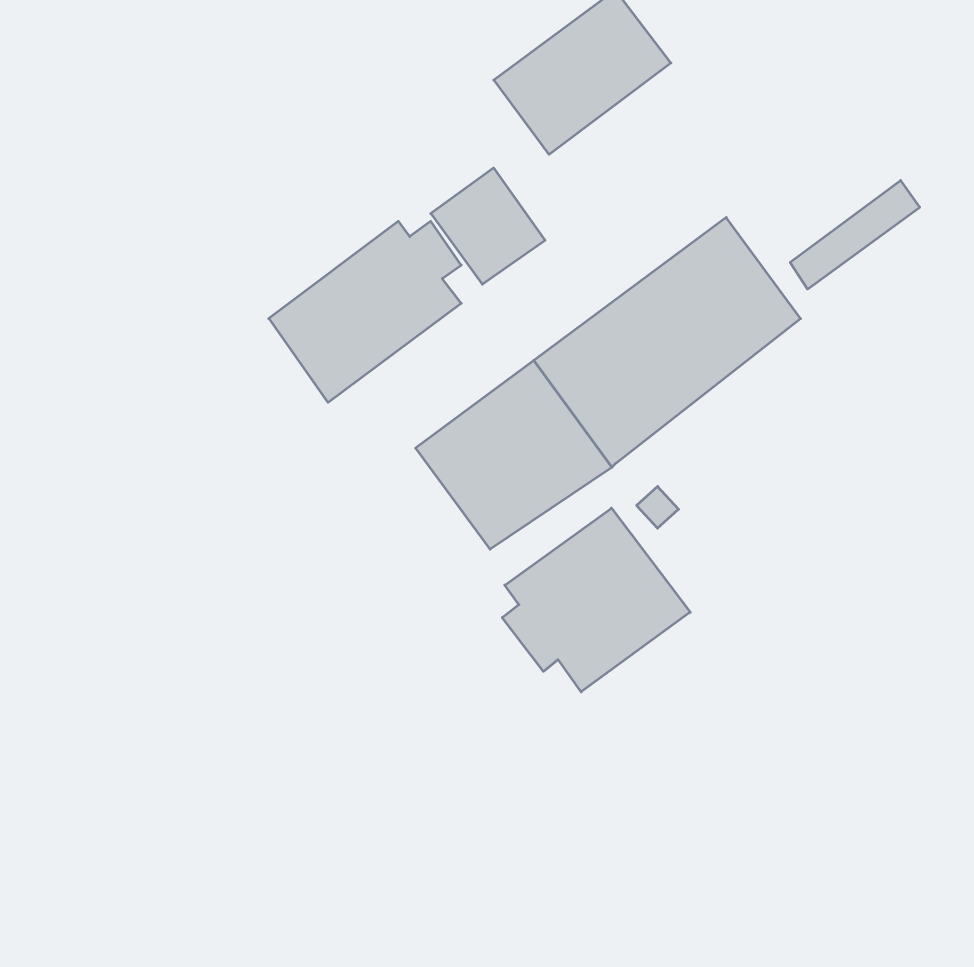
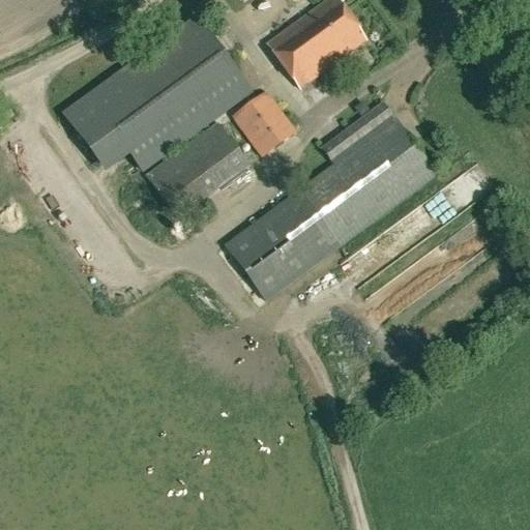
building: none -> [64,17,249,169]
building: [790,180,920,289] -> [323,100,393,159]
building: [502,508,690,692] -> none

